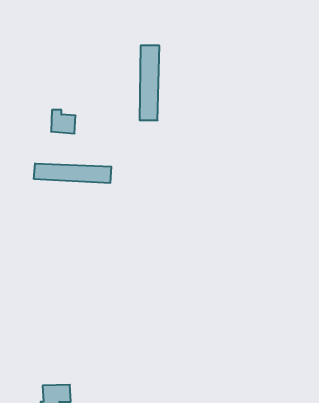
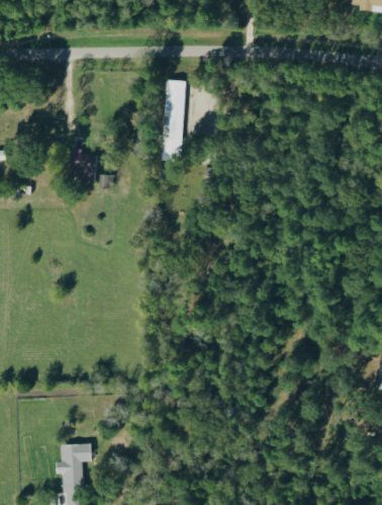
building: [34,163,111,183] -> none

